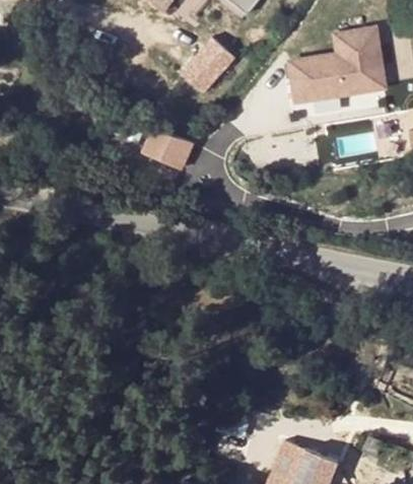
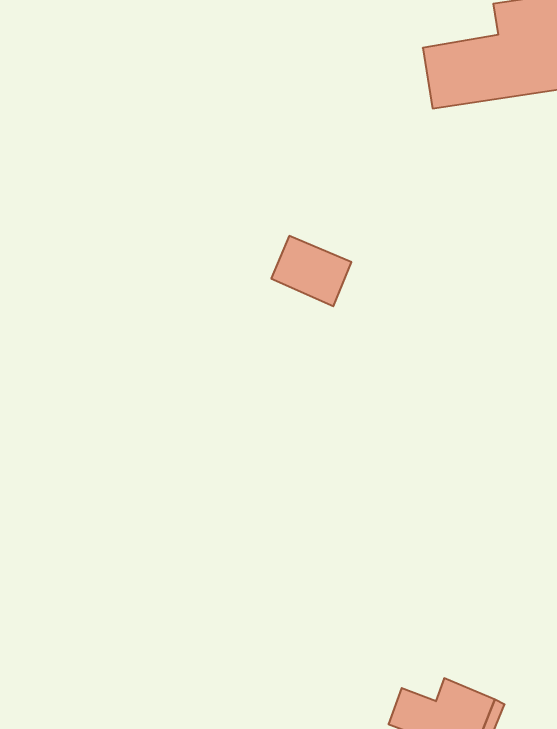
building: [181,37,235,92] -> none
building: [143,124,193,167] -> [271,236,351,306]

